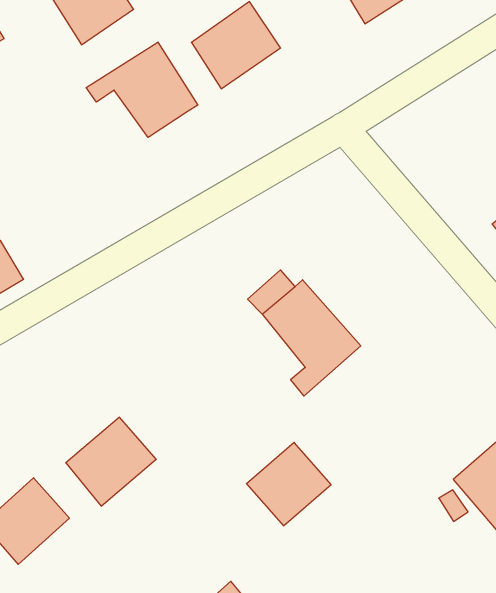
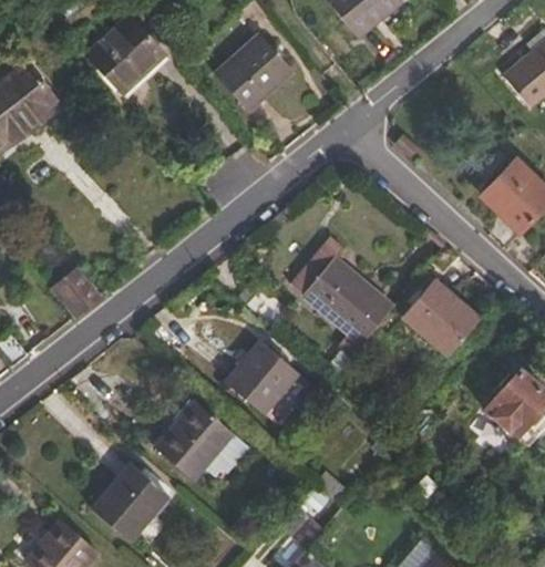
building: [86,42,198,137] -> none
building: none -> [405,284,482,359]
building: [246,442,331,526] -> [226,346,298,417]

